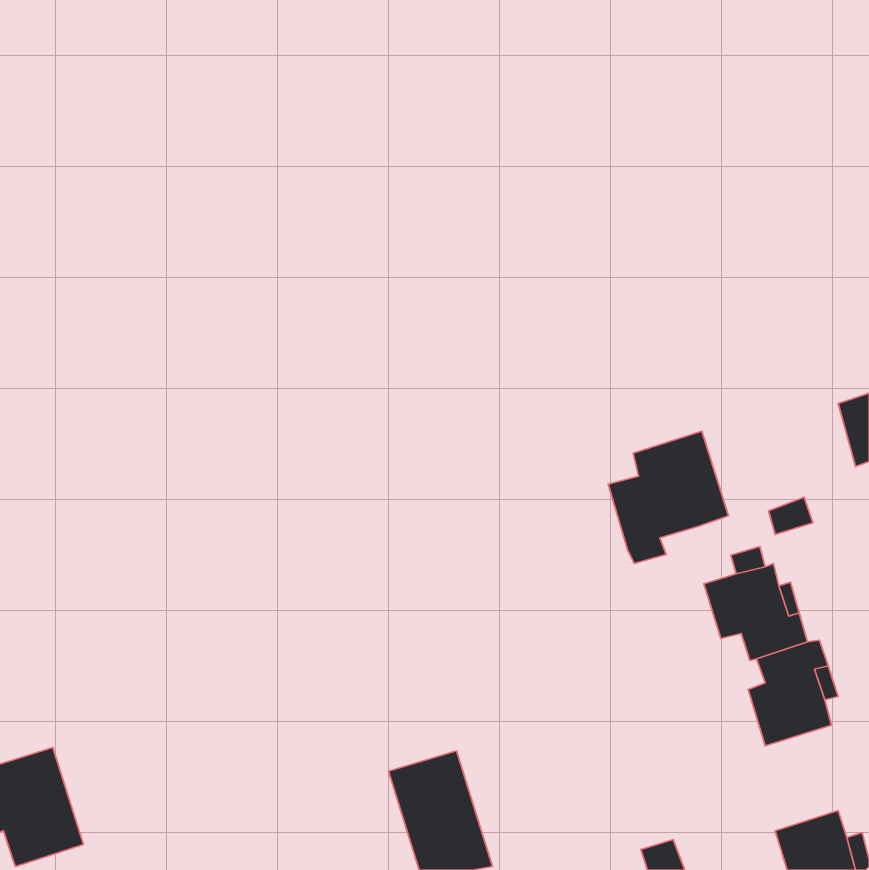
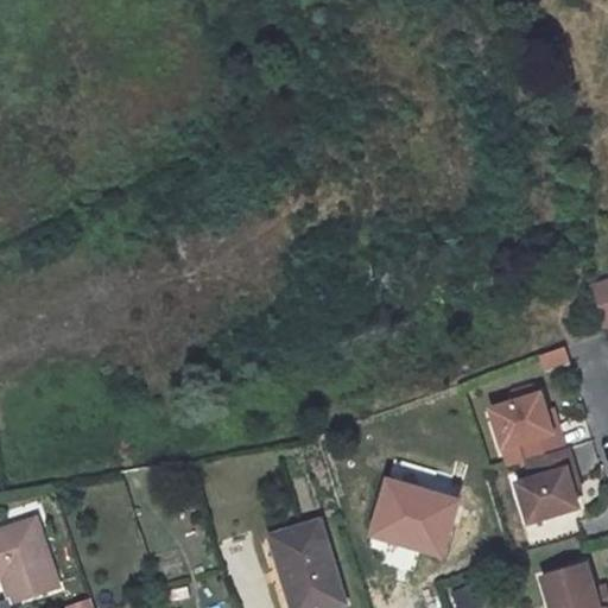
building: [608,431,728,564] -> none
building: none -> [372,482,456,556]

